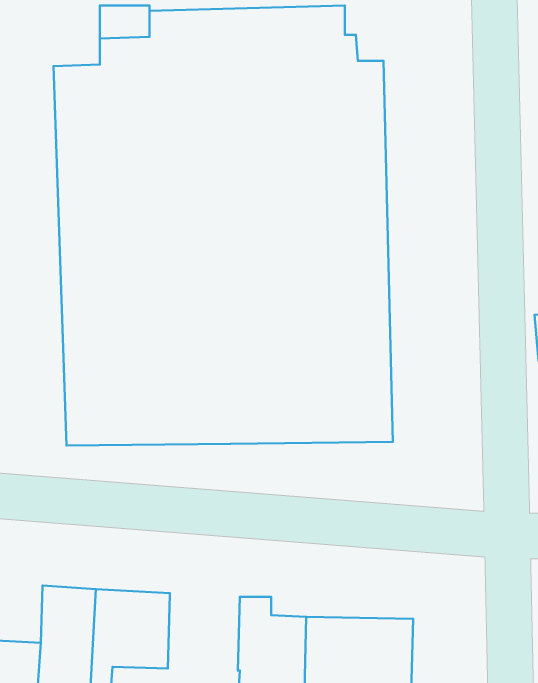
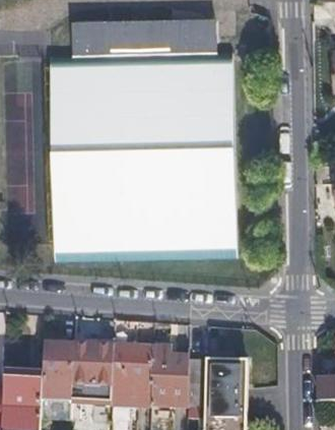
building: none -> [112,345,151,386]

